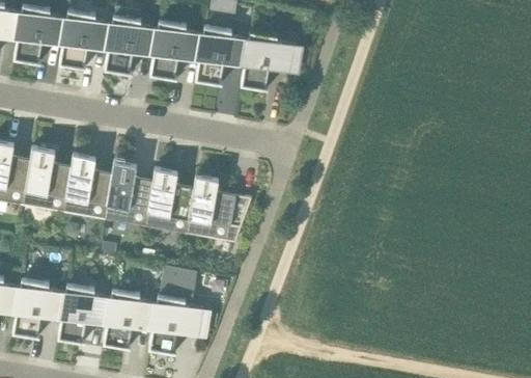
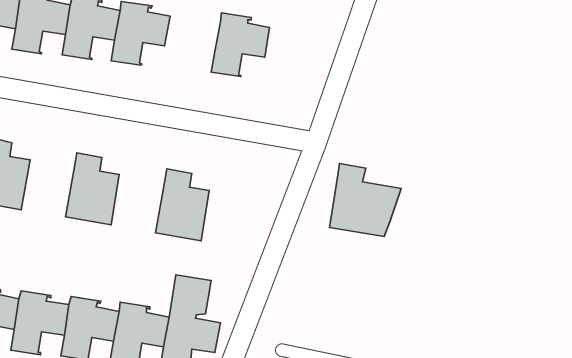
building: [149,20,203,78] -> none
building: [241,30,295,89] -> none
building: [22,145,71,211] -> none
building: [104,160,152,225] -> none
building: [186,174,251,241] -> [329,164,401,237]

